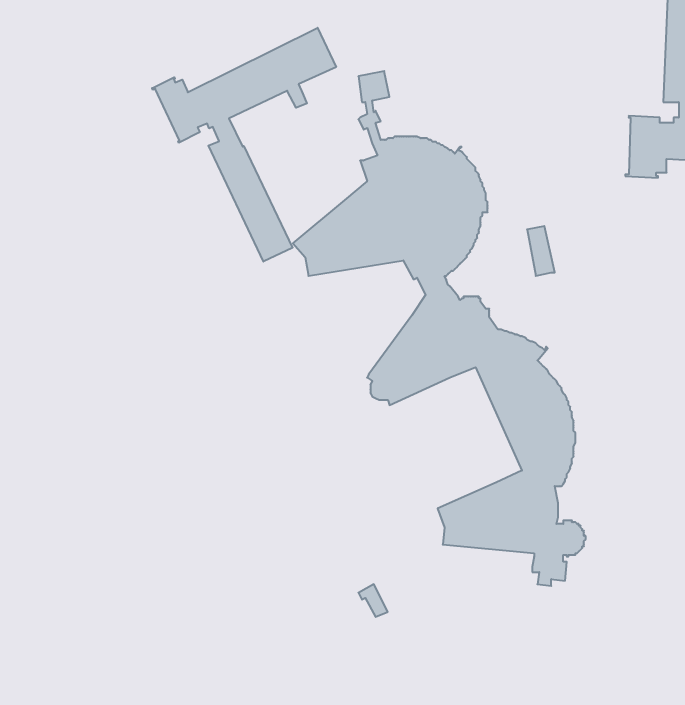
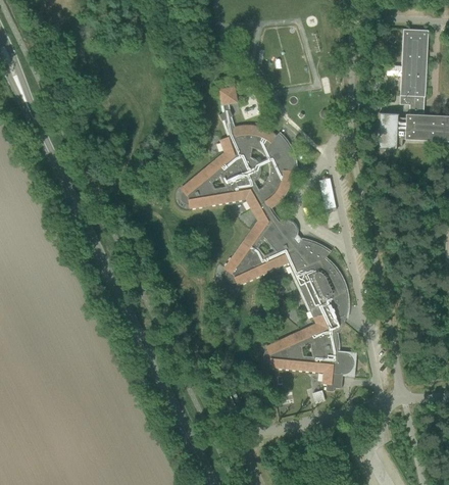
building: [152,28,336,262] -> none

